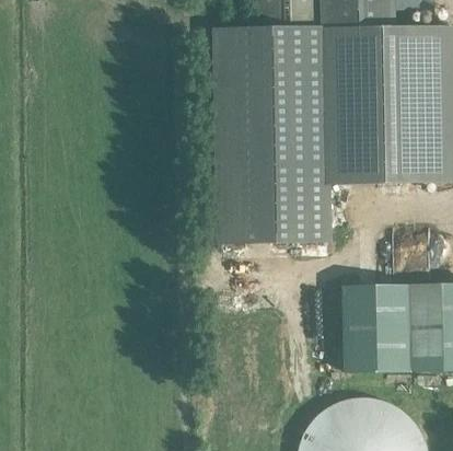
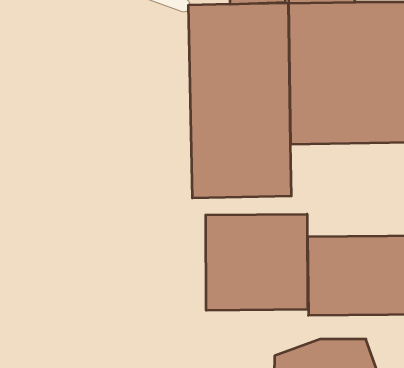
building: none -> [206,214,308,310]

